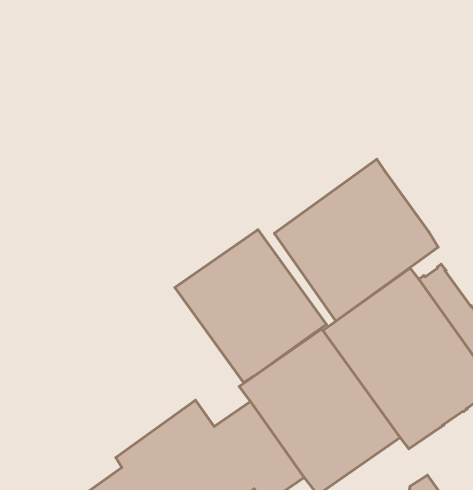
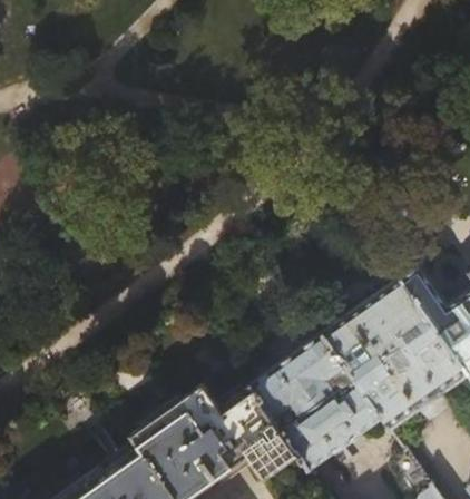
building: [275,159,438,321] -> none
building: [175,230,326,382] -> none

